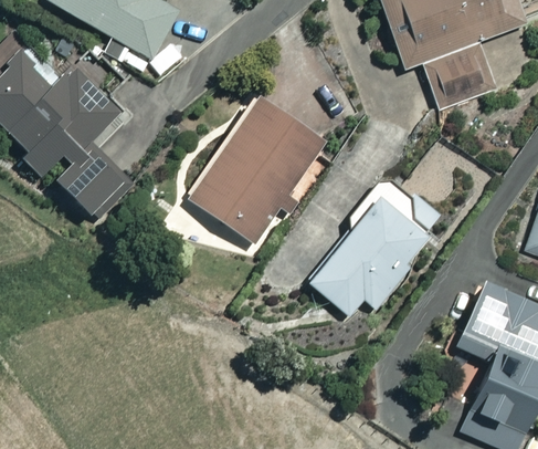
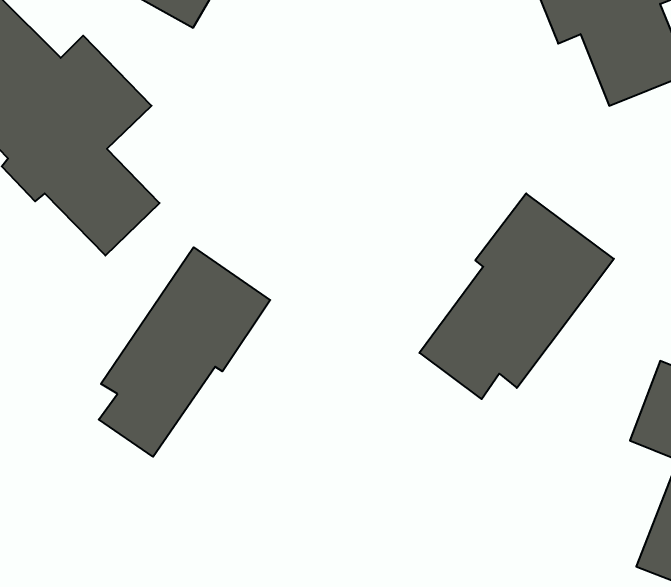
building: [190,97,323,243] -> none
building: none -> [99,247,270,457]

